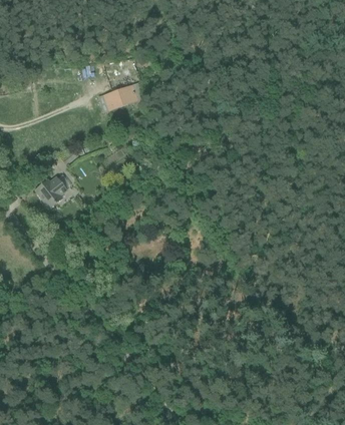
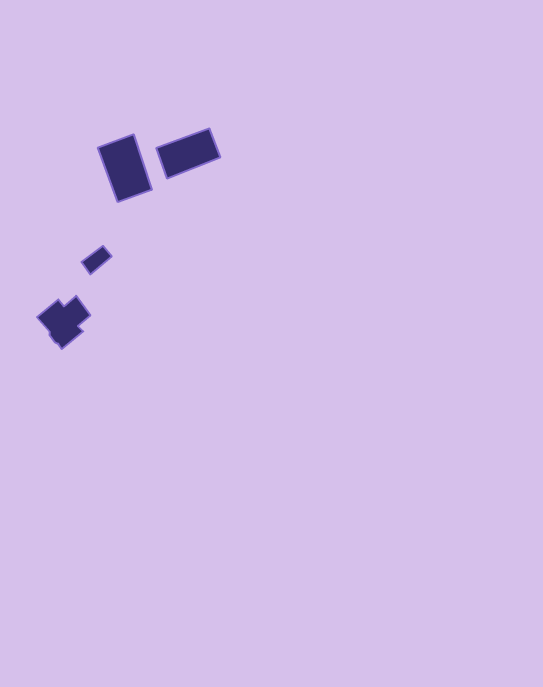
building: none -> [98,134,152,202]

